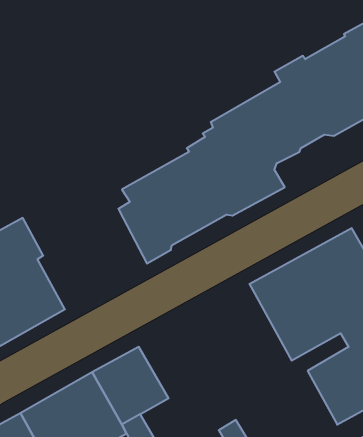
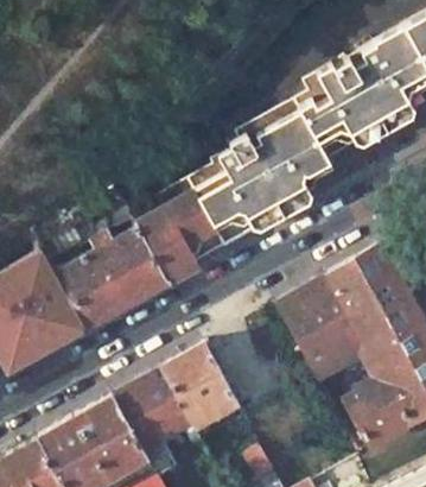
building: none -> [52,227,166,329]
building: none -> [158,343,236,428]

